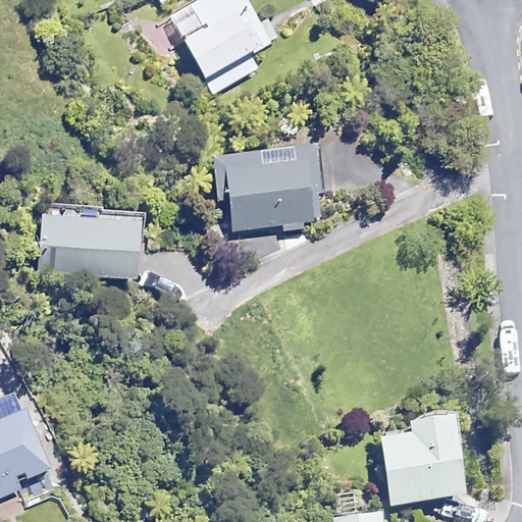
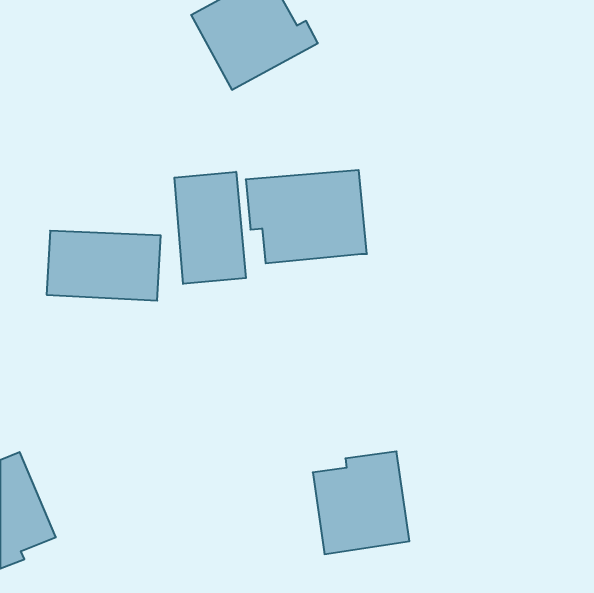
building: none -> [174,172,246,284]
building: [379,416,464,506] -> [313,451,409,554]

